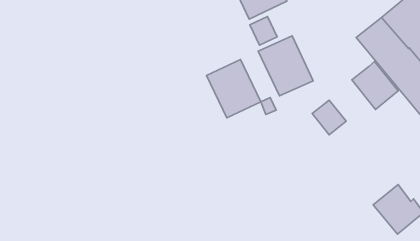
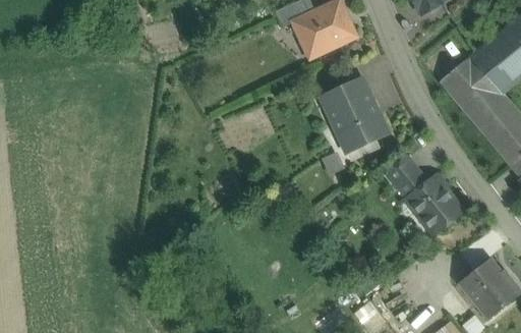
building: [250,16,277,45] -> none
building: [206,59,261,118] -> none
building: [352,61,398,110] -> [407,175,463,233]

